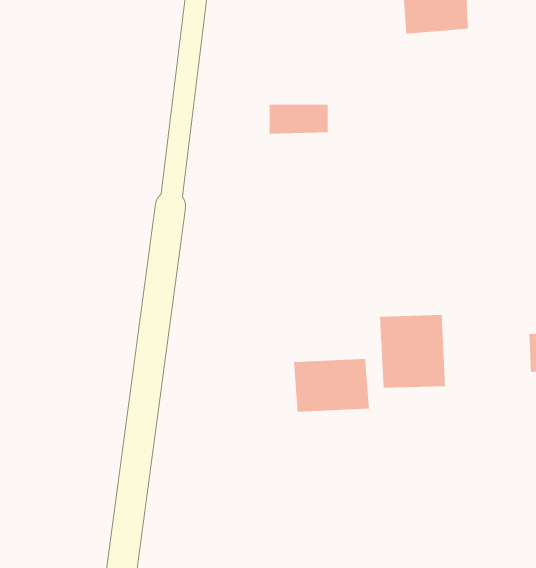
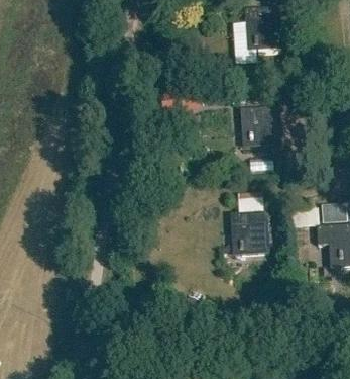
building: none -> [241,107,277,147]
building: [293,358,369,413] -> none

